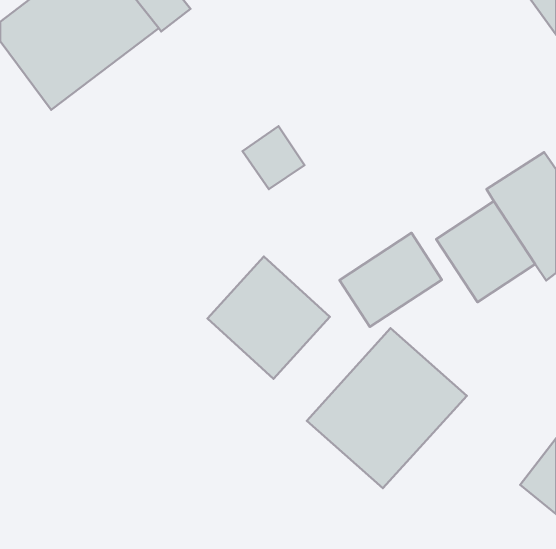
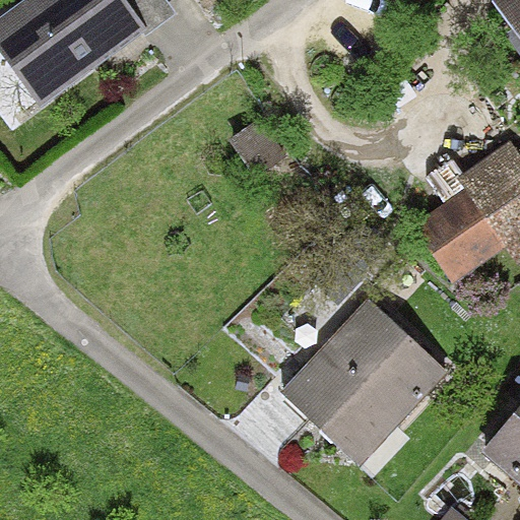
building: [339,233,442,327] -> none
building: [207,256,330,379] -> none

